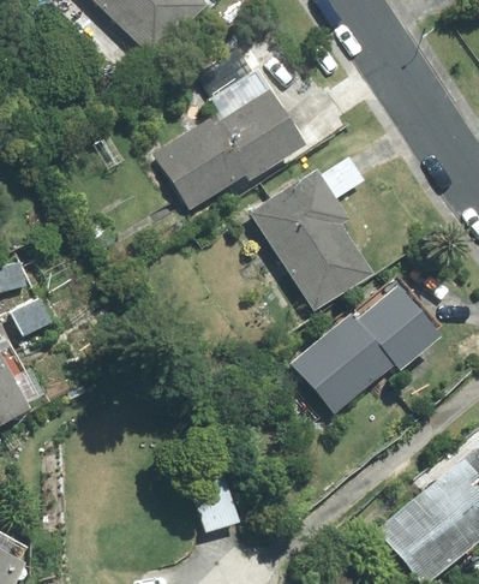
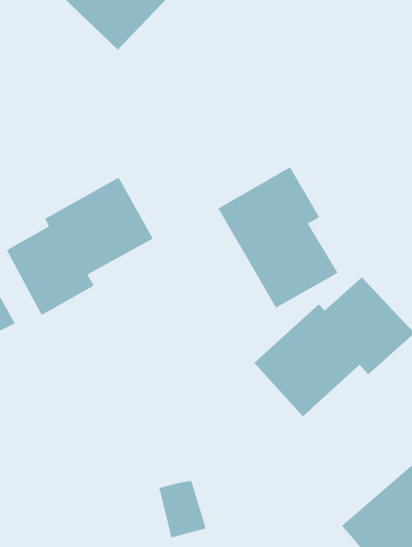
building: [158,93,303,211] -> none
building: none -> [6,177,153,316]

